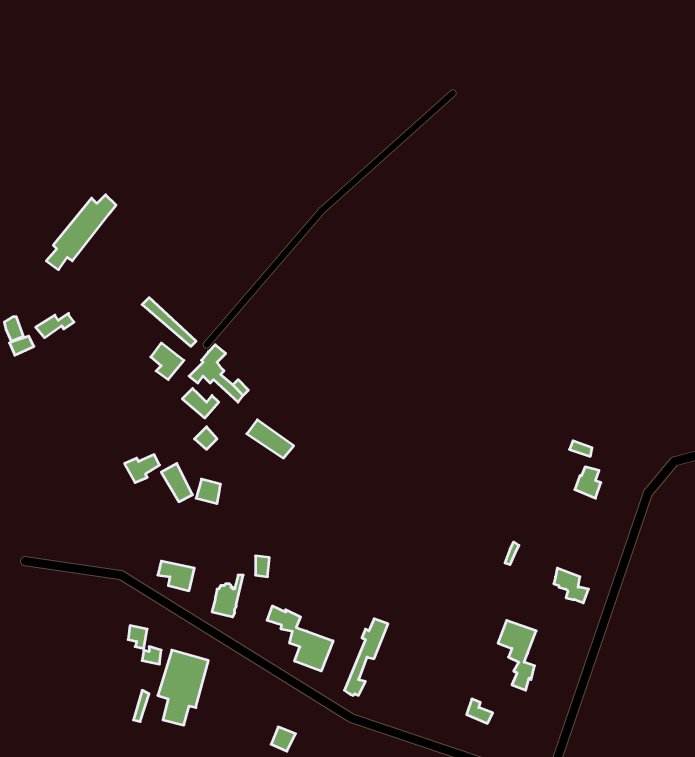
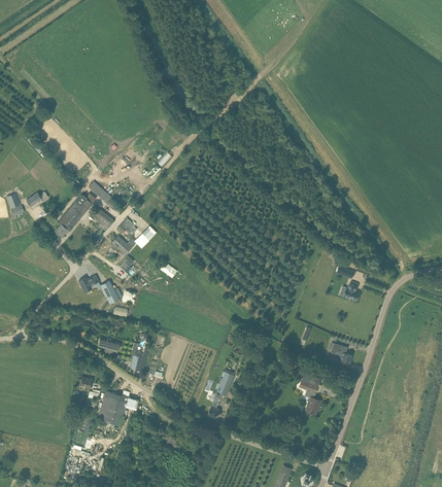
building: [46,195,116,270] -> [55,192,96,236]
building: [267,606,333,671] -> none

